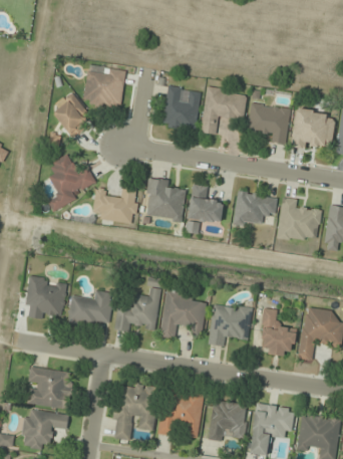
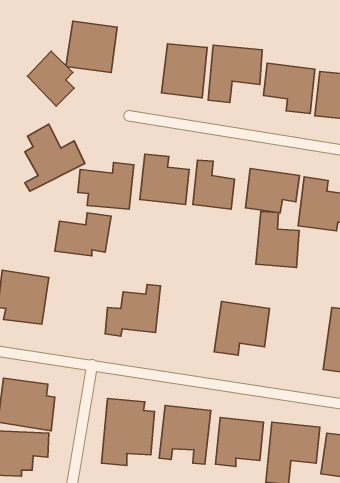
building: [67,289,114,325] -> [55,213,111,256]
building: [160,289,207,337] -> none
building: [260,308,296,356] -> [256,211,299,268]

